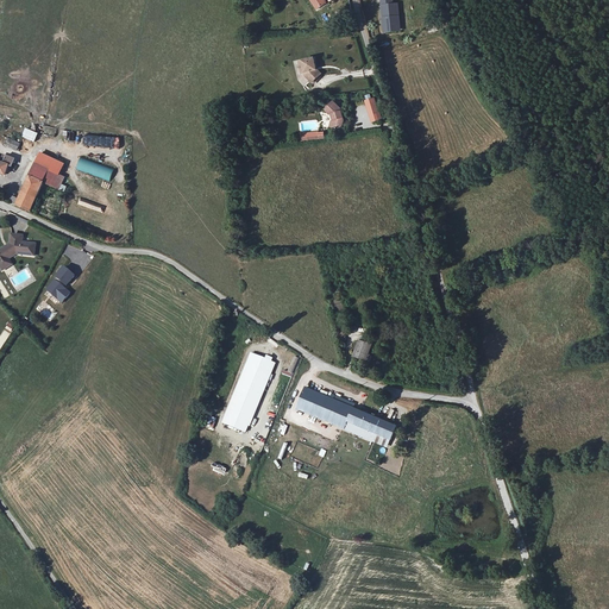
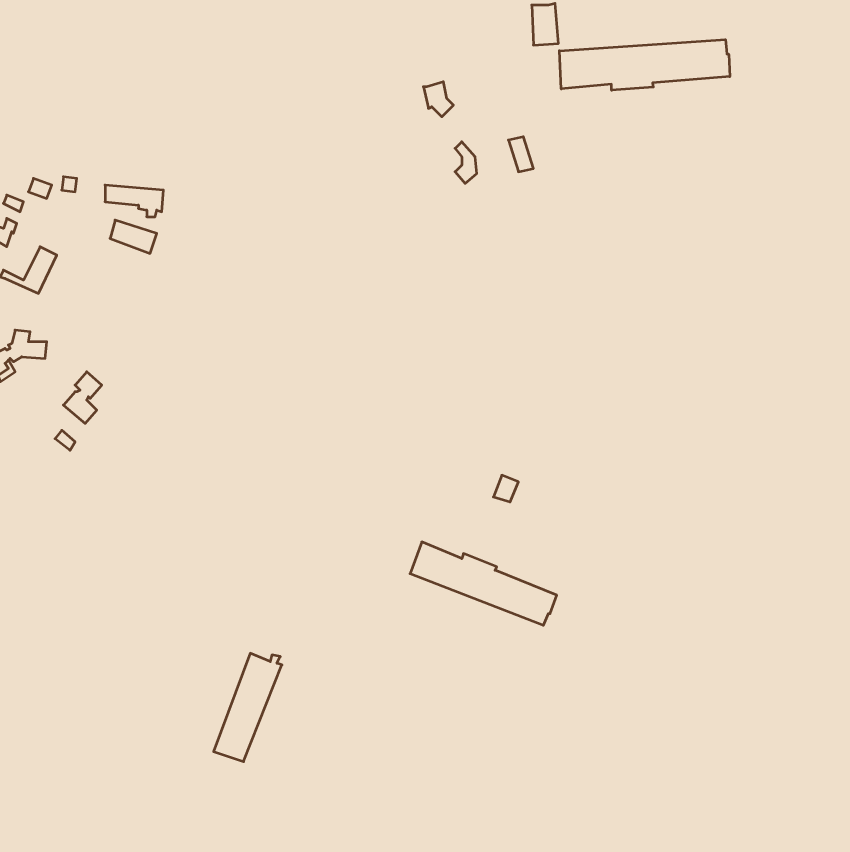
building: none -> [559,40,730,90]
building: [29,151,64,182] -> none
building: [222,358,271,435] -> [214,653,282,762]

